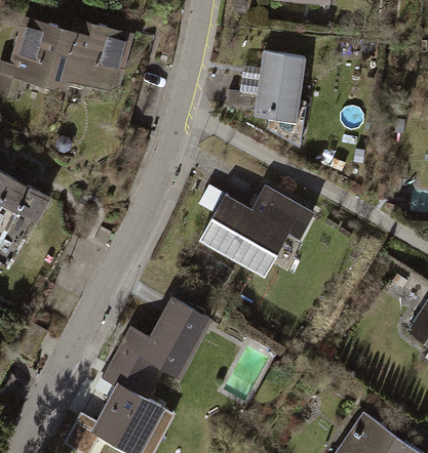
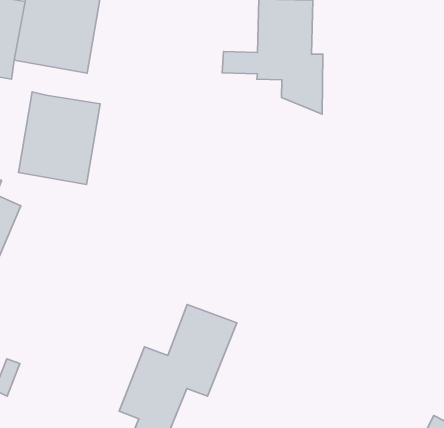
building: none -> [18,92,100,184]
building: [198,186,302,279] -> none

